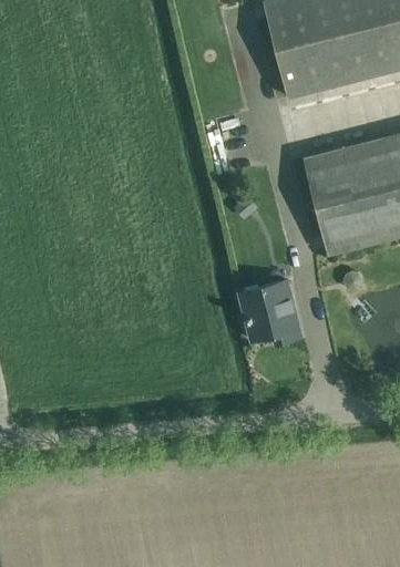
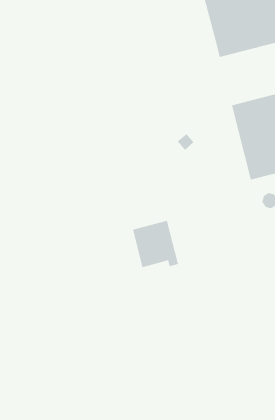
building: [240,280,300,341] -> [132,220,179,268]

